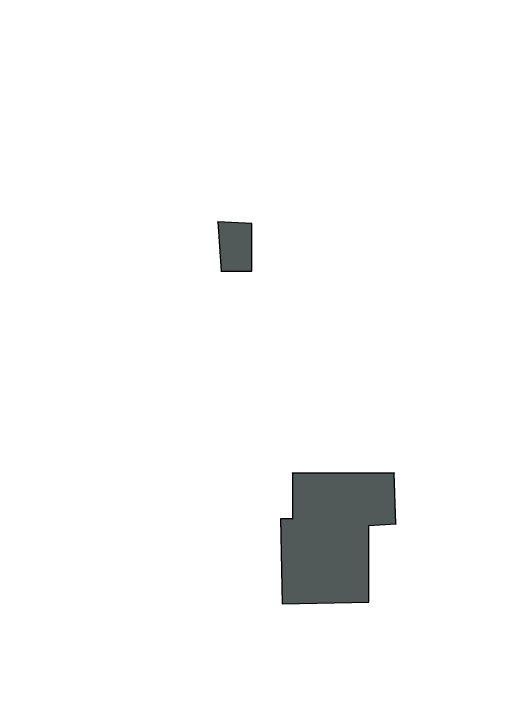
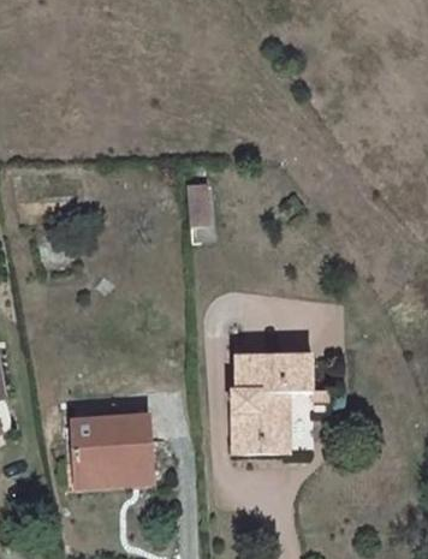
building: none -> [75,421,147,478]

